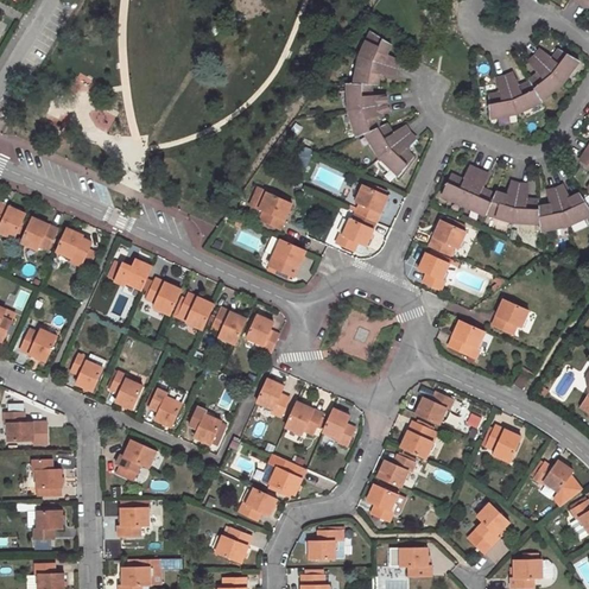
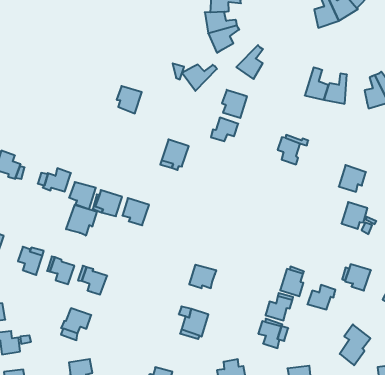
building: [363,124,408,157] -> [182,65,217,91]
building: [439,165,476,203] -> none
building: [511,183,539,222] -> none
building: [258,192,291,229] -> [117,86,142,113]
building: [428,220,466,255] -> none
building: none -> [66,205,97,236]
building: [246,316,278,353] -> none
building: [448,319,483,355] -> [341,202,367,229]
building: [255,379,289,417] -> none
building: [414,392,452,424] -> [307,285,335,309]
building: [188,406,221,444] -> none
building: [322,408,354,445] -> none
building: [238,488,276,520] -> none

